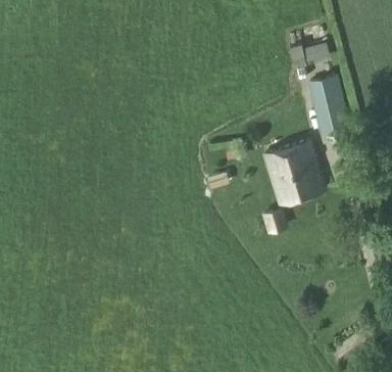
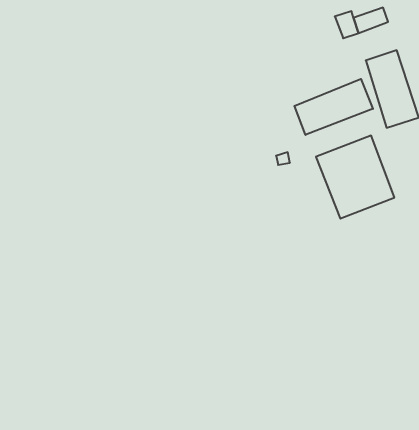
building: none -> [294,79,373,135]

